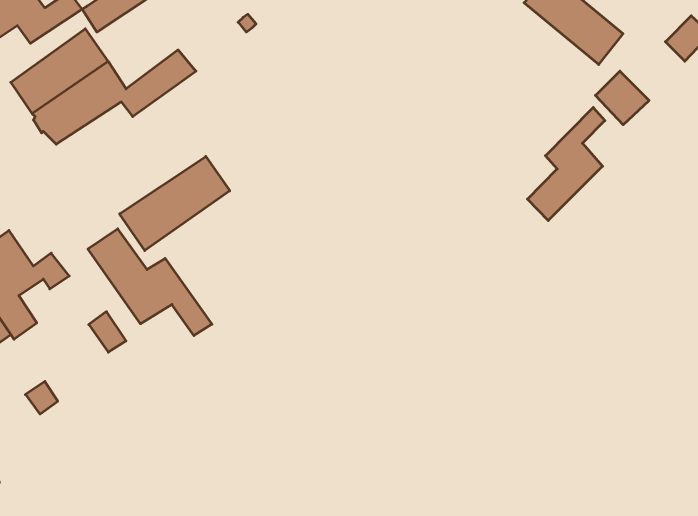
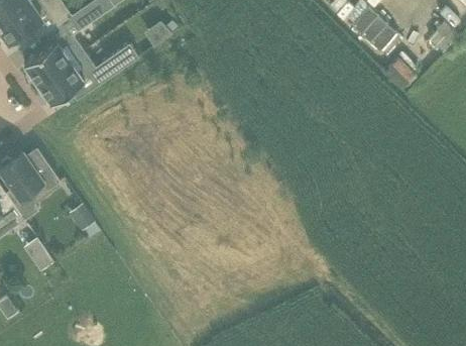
building: [527,107,605,221] -> none
building: [120,156,230,251] -> none
building: [88,229,212,336] -> none

